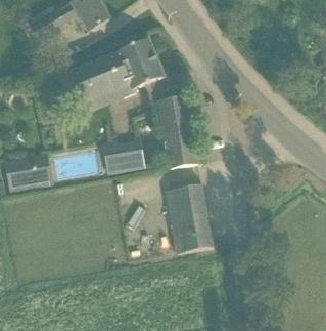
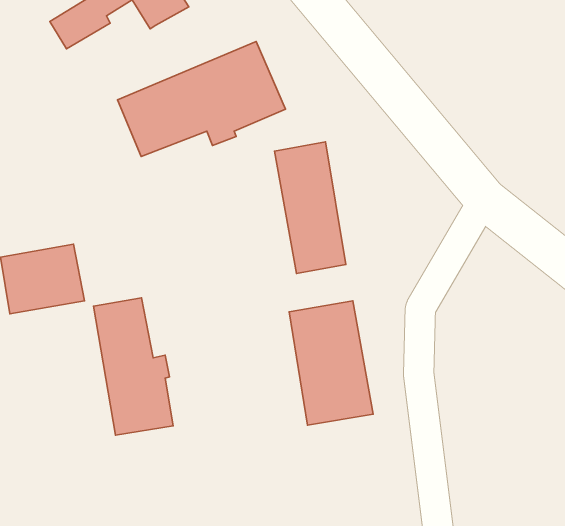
building: [102,134,140,173] -> none
building: none -> [94,298,173,435]

